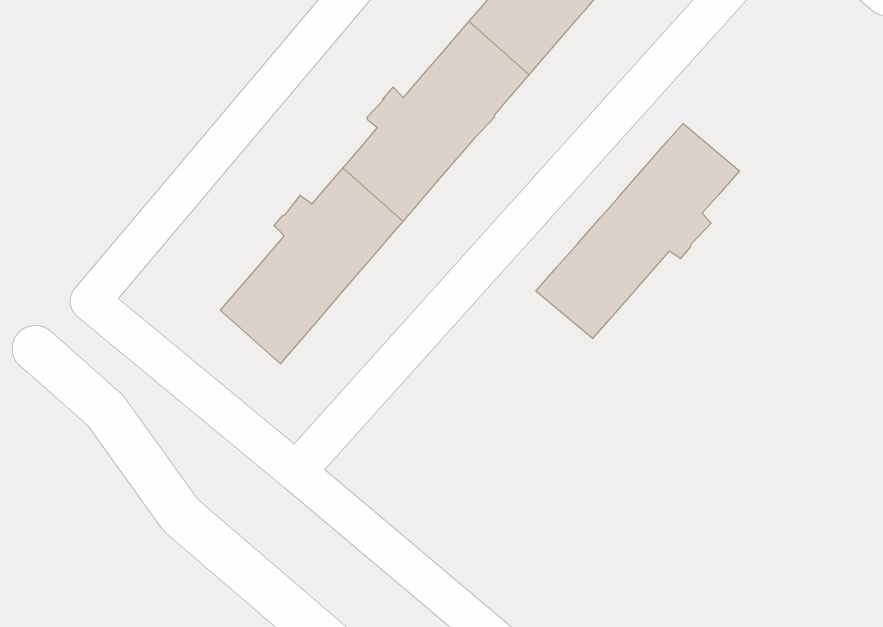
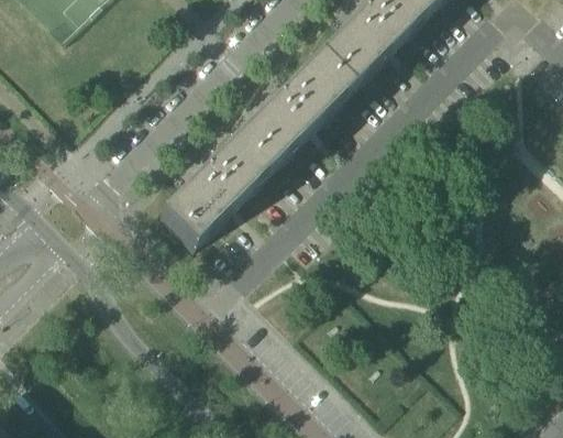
building: [536,123,740,339] -> none

